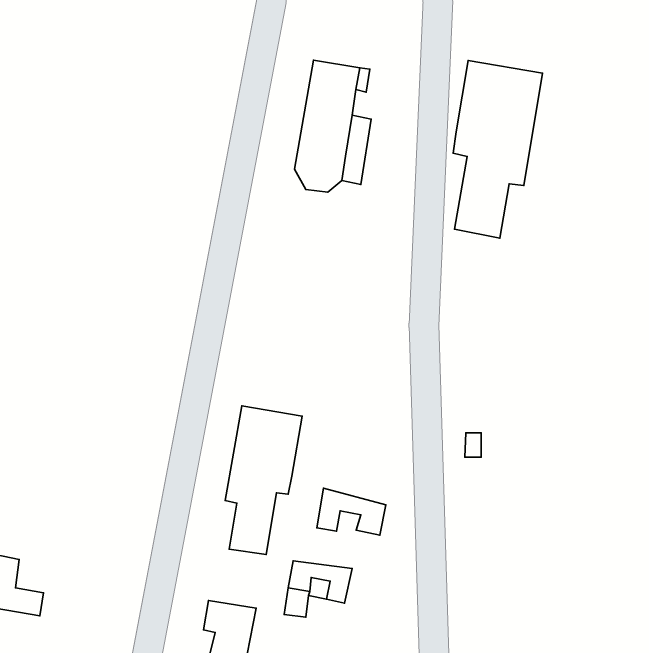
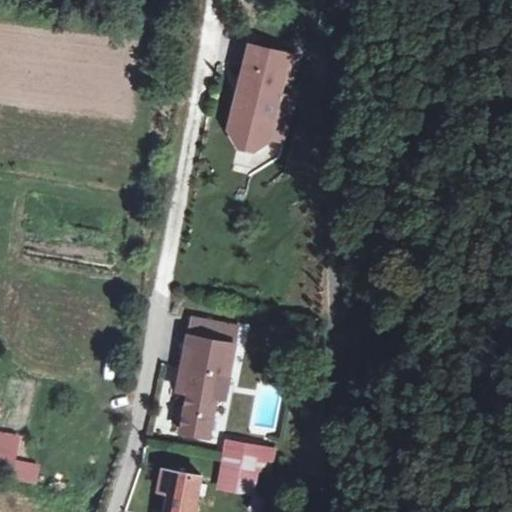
building: [453,61,542,238] -> none
building: [317,488,386,535] -> none

